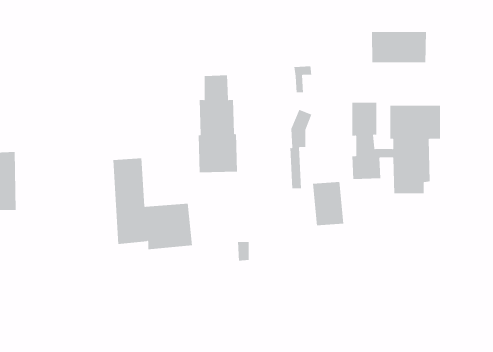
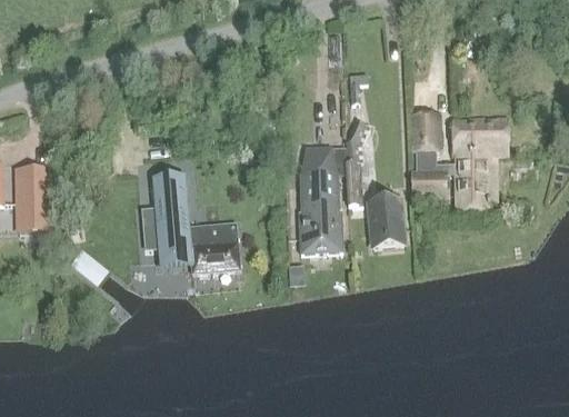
building: [371,31,426,63] -> none
building: [198,75,238,173] -> [299,146,342,251]

